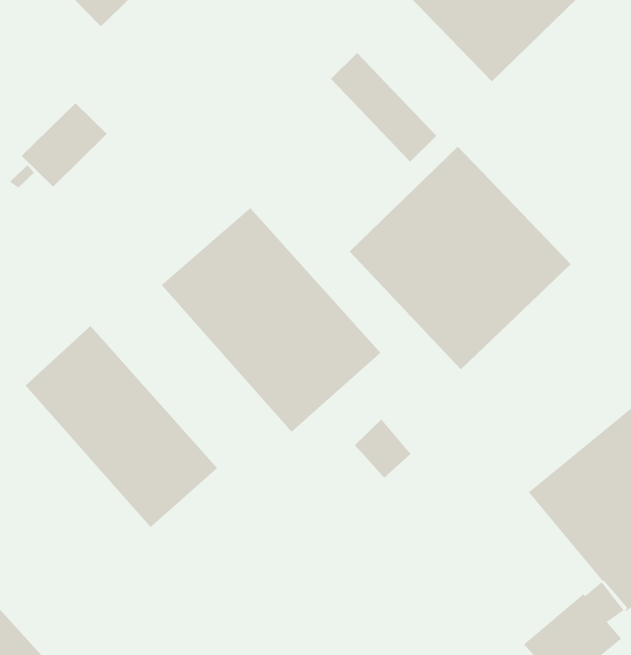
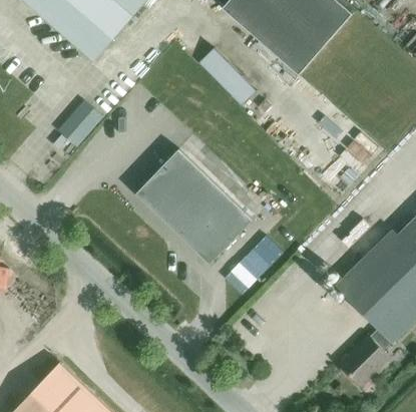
building: [349,146,572,370] -> none
building: [25,325,218,528] -> none

